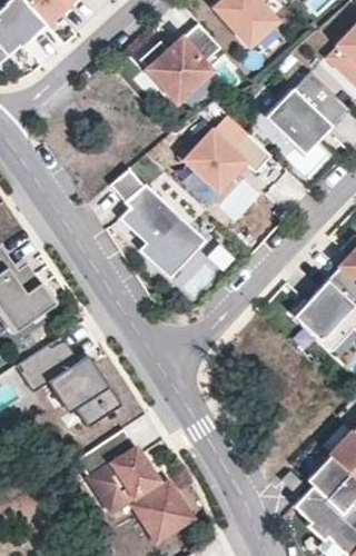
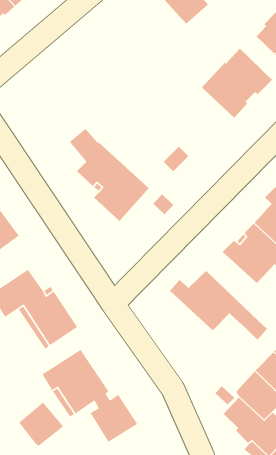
building: [140,23,221,102] -> none
building: [186,131,271,189] -> none
building: none -> [169,270,268,341]
building: none -> [18,401,64,447]

